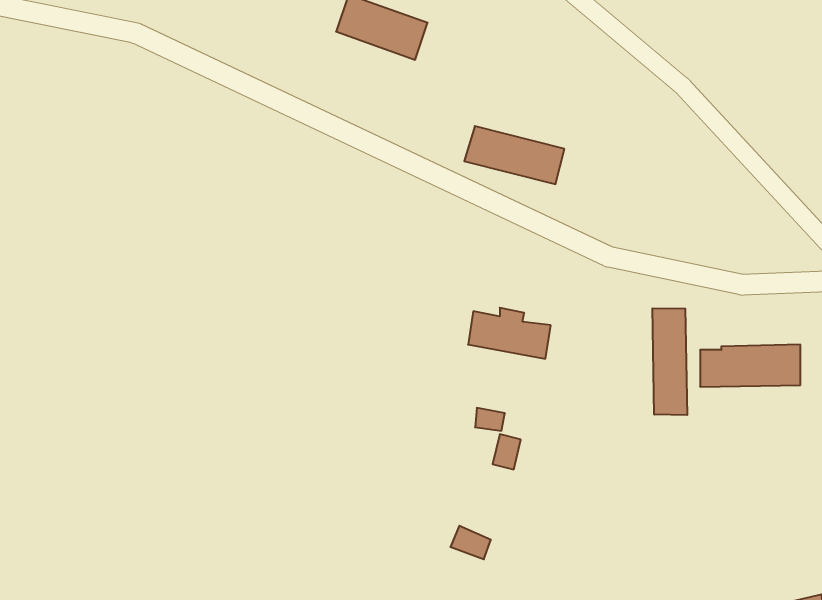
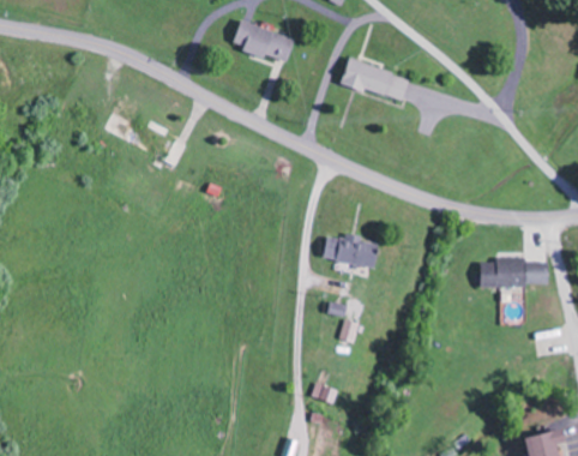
building: [464,126,564,184] -> [341,60,409,100]
building: [652,308,687,415] -> none

